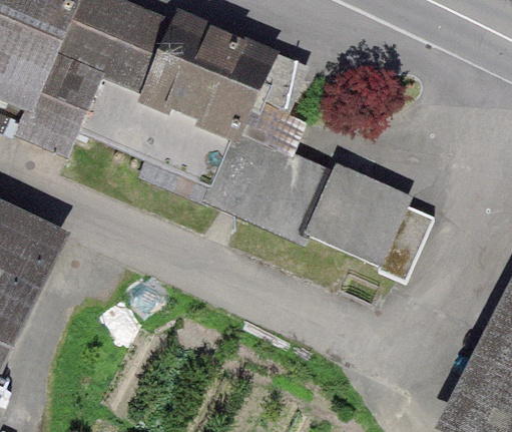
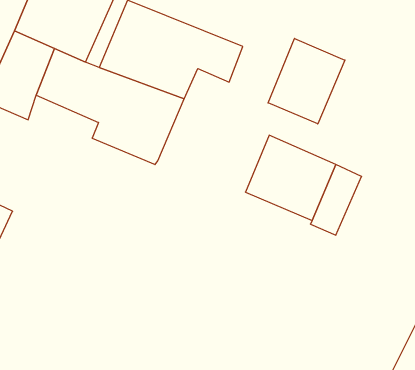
building: none -> [268,38,345,124]
building: [213,122,336,232] -> none

